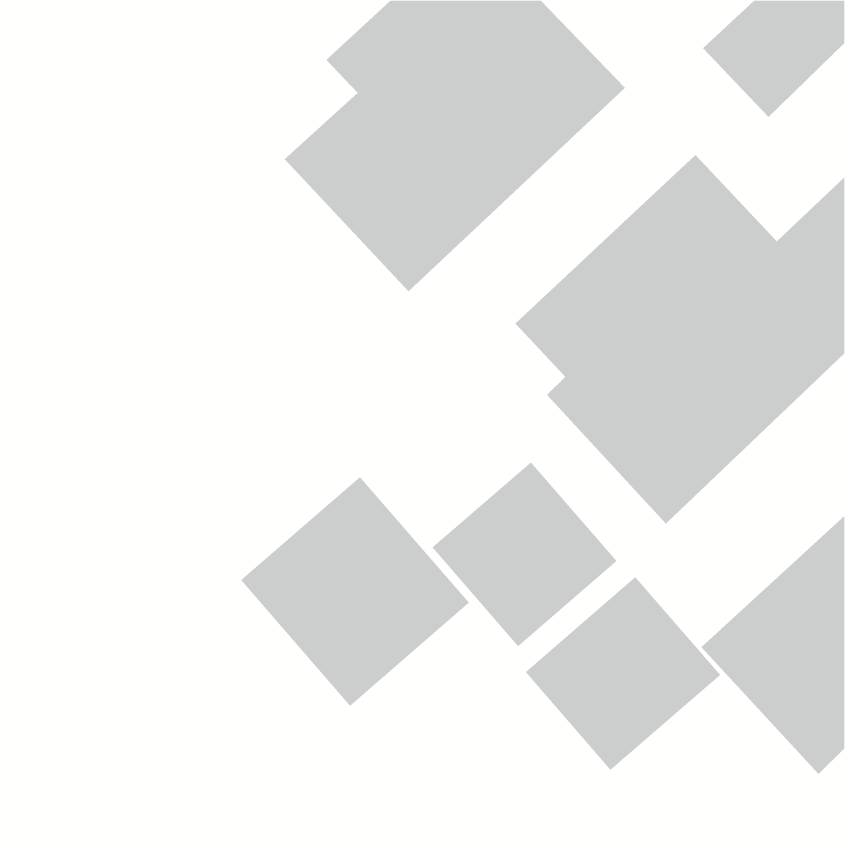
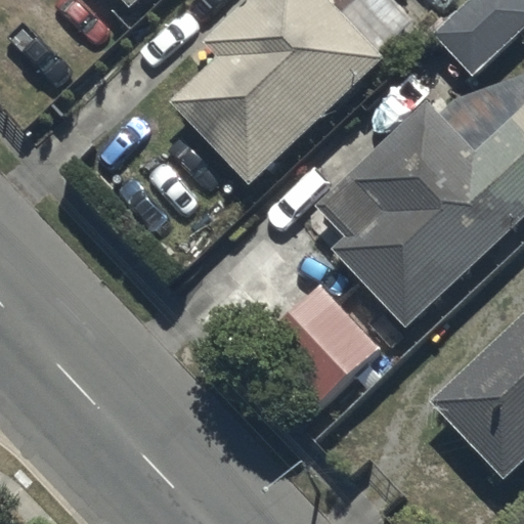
building: [240,476,470,707] -> none
building: [525,576,721,771] -> none

